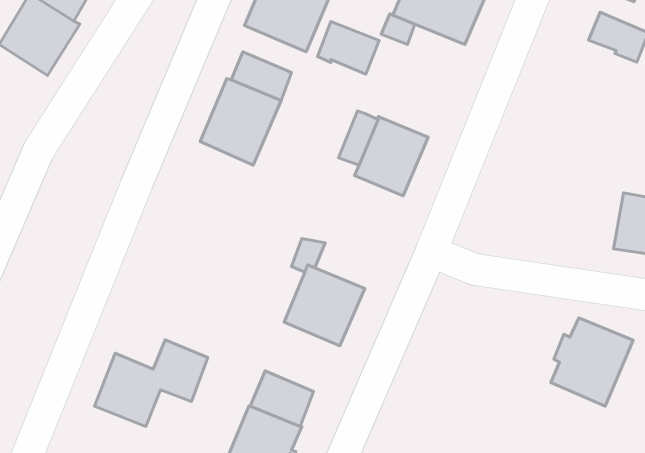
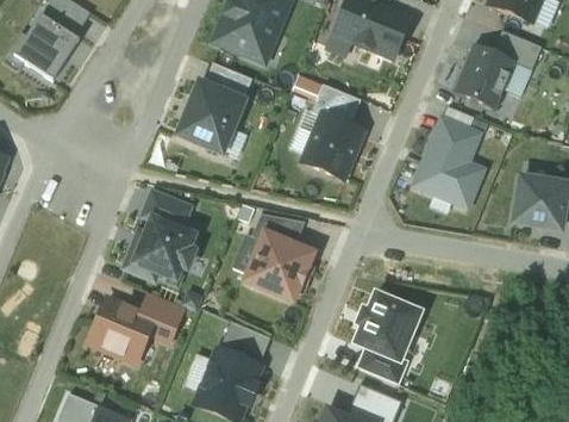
building: [317,21,379,74] -> [312,81,362,124]
building: none -> [454,42,515,107]
building: none -> [415,117,480,204]
building: none -> [129,192,202,293]
building: [551,318,633,406] -> [352,297,419,368]

